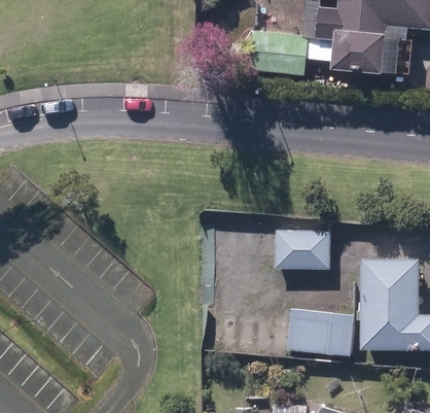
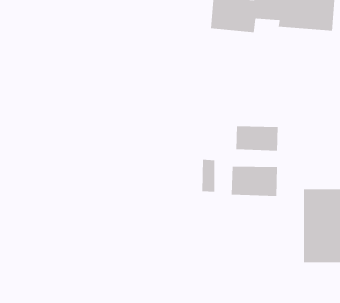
building: none -> [236,125,278,151]
building: [289,309,356,356] -> none

